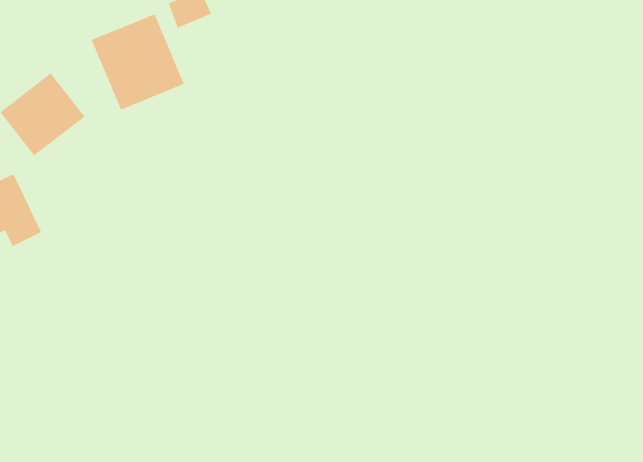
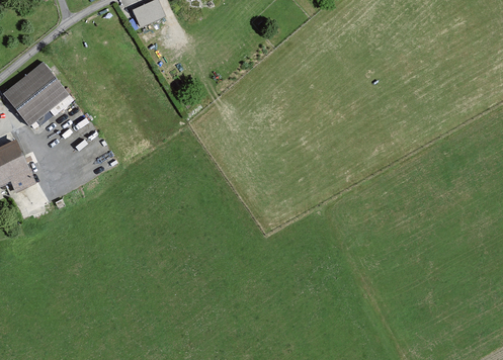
building: [91,13,185,111] -> none

